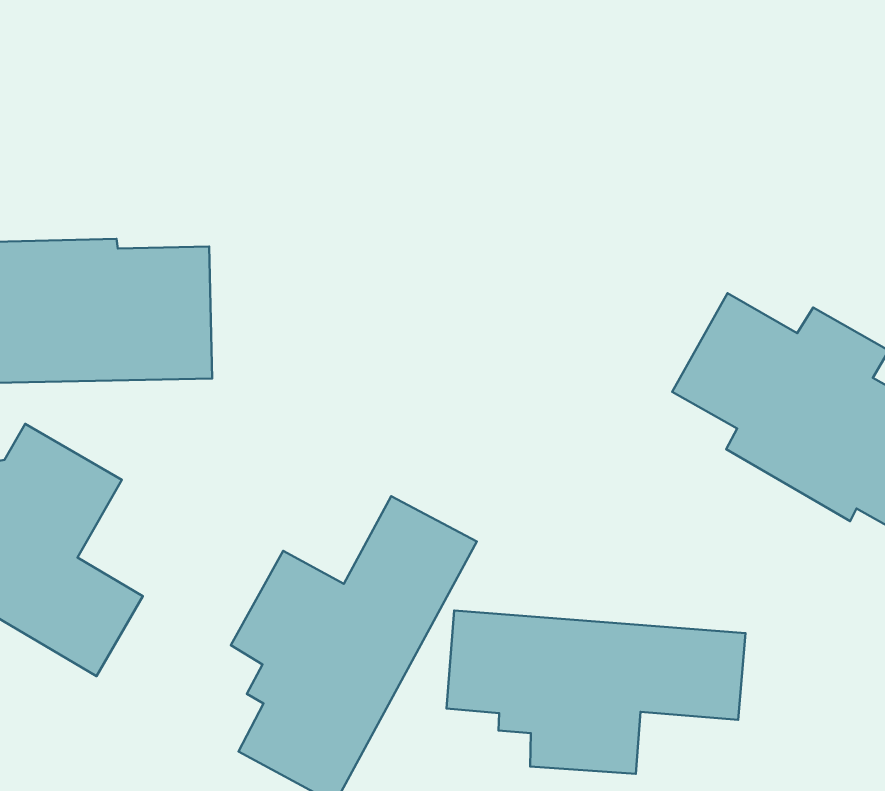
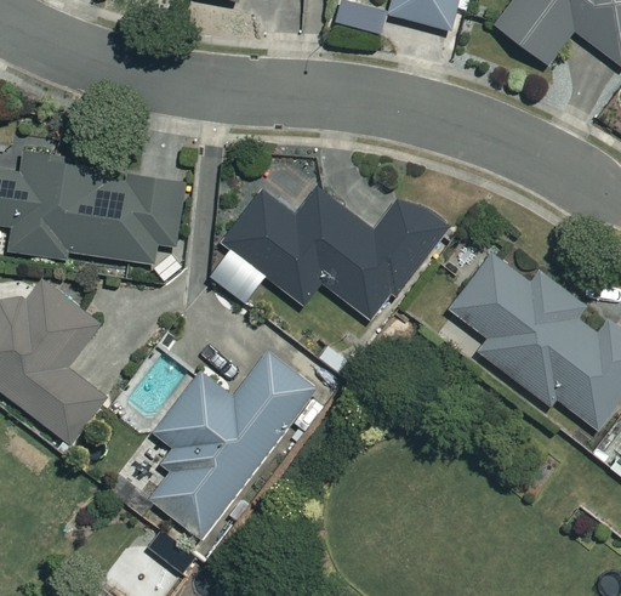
building: none -> [222,188,446,319]
building: [446,610,746,774] -> none

